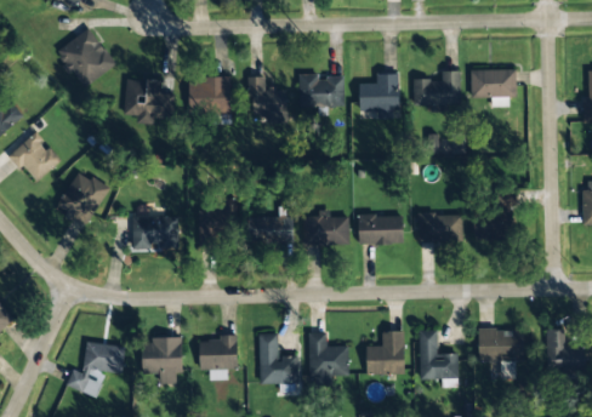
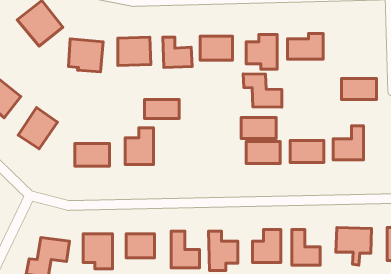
building: [471,68,517,96] -> [342,78,376,99]
building: none -> [243,74,282,107]
building: [249,216,295,241] -> [144,99,179,119]
building: [302,216,348,244] -> [241,118,276,139]

